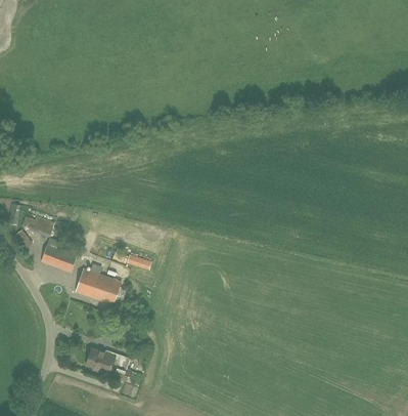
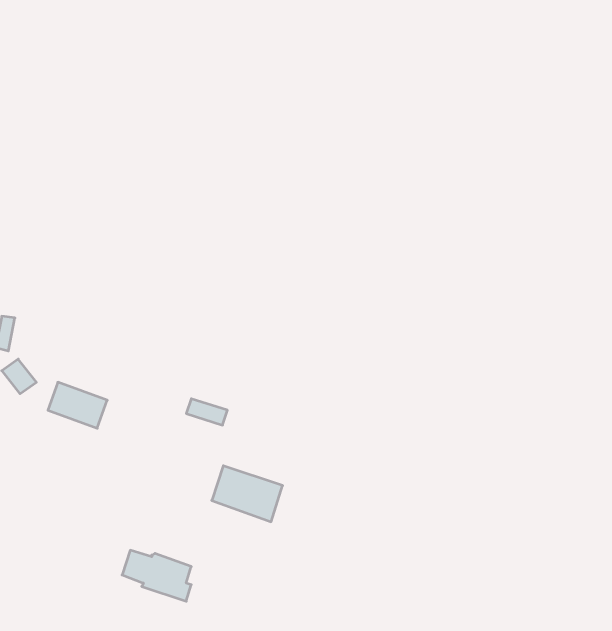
building: [77,269,121,304] -> [212,466,283,522]

